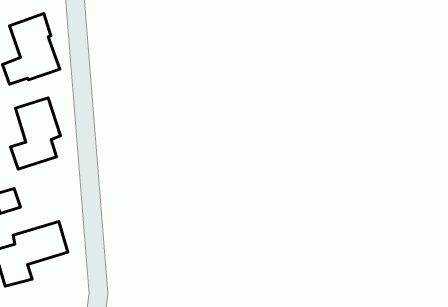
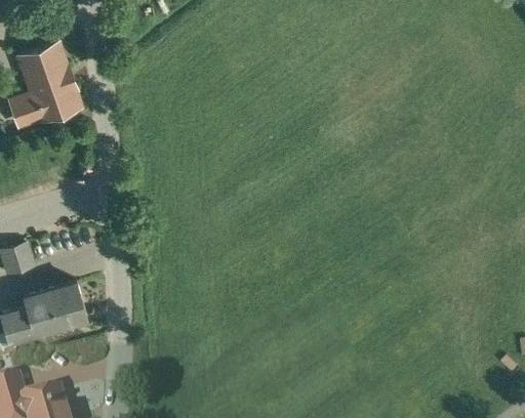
building: [10,98,60,169] -> none

